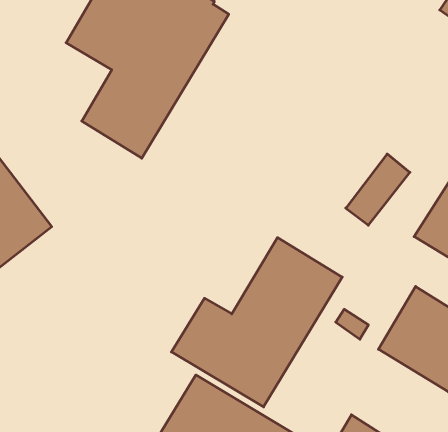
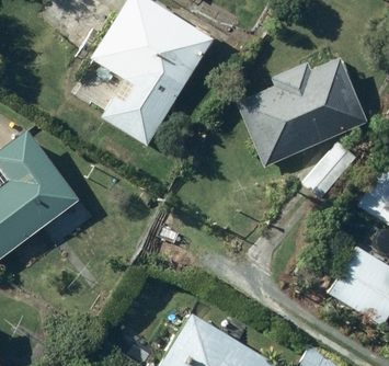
building: none -> [237,57,368,167]
building: [171,238,342,407] -> none

